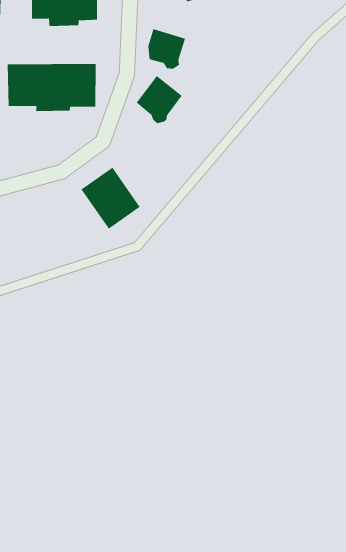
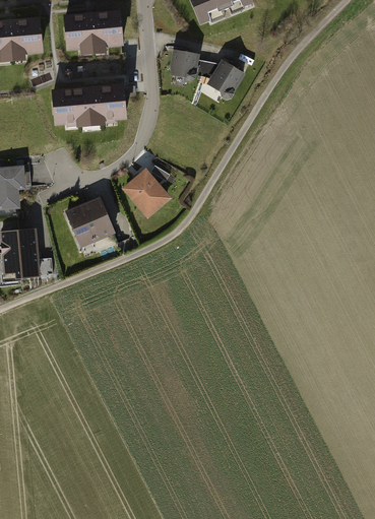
building: [136,75,183,124] -> [203,58,242,99]
building: none -> [64,195,115,247]

